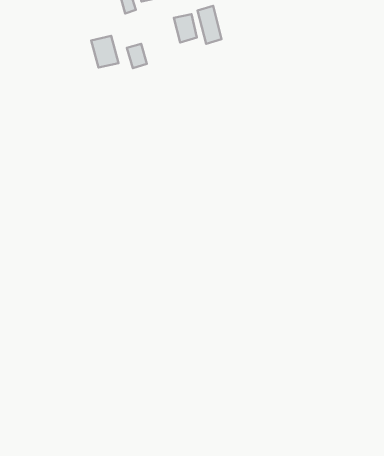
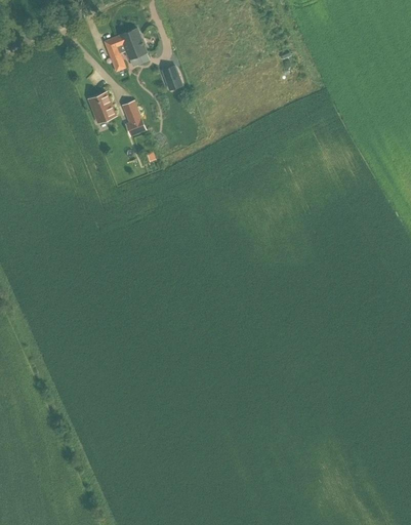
building: [198,6,222,44] -> none

